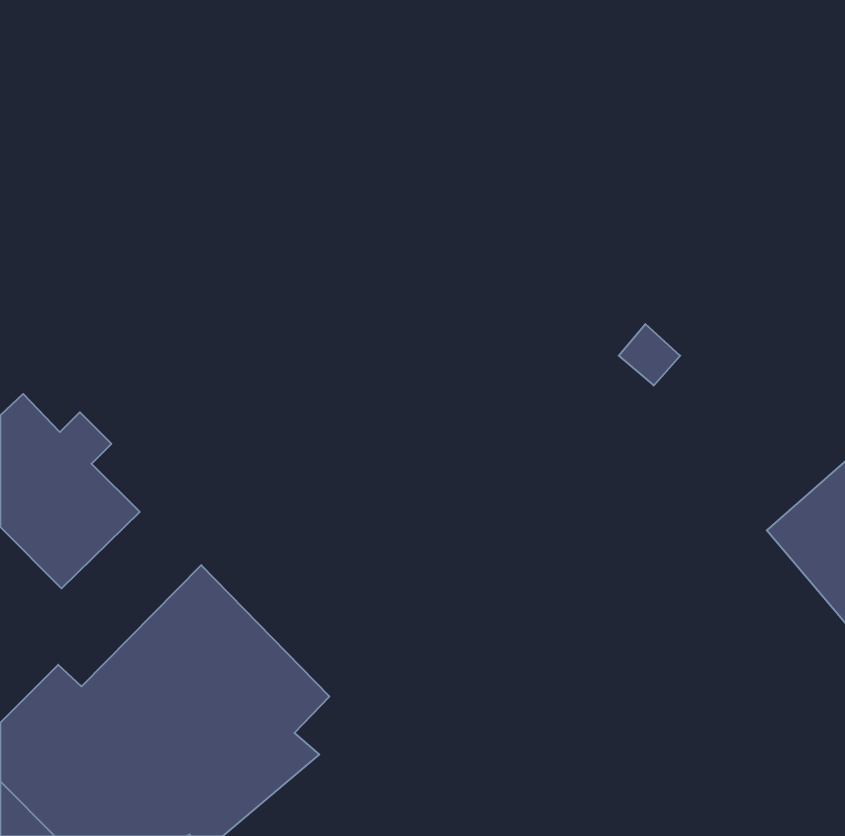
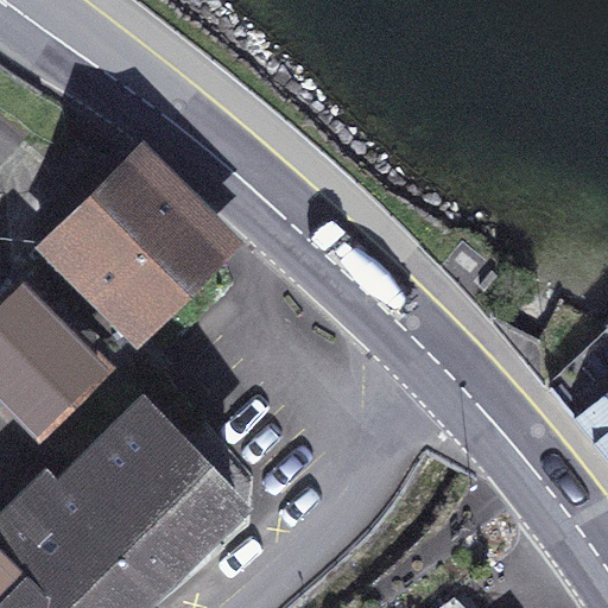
building: none -> [34,148,221,346]

